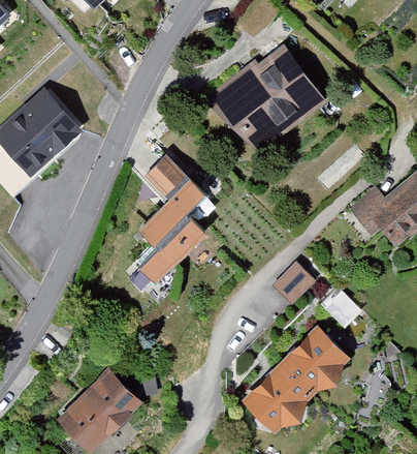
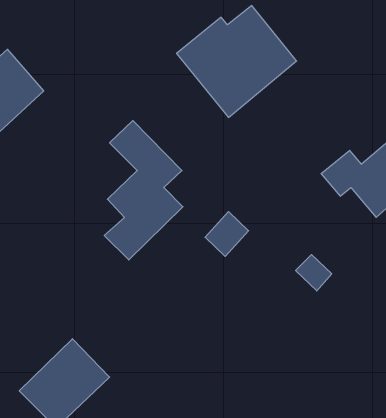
building: [272,255,315,299] -> [205,212,249,256]
building: [245,328,360,441] -> none

